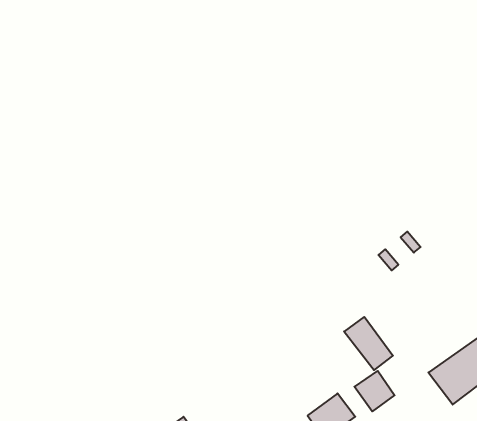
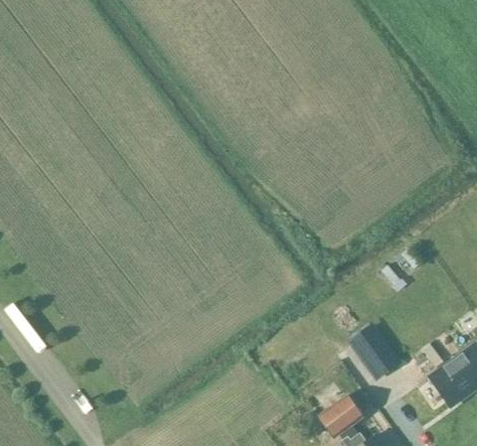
building: [354,371,395,411] -> none

